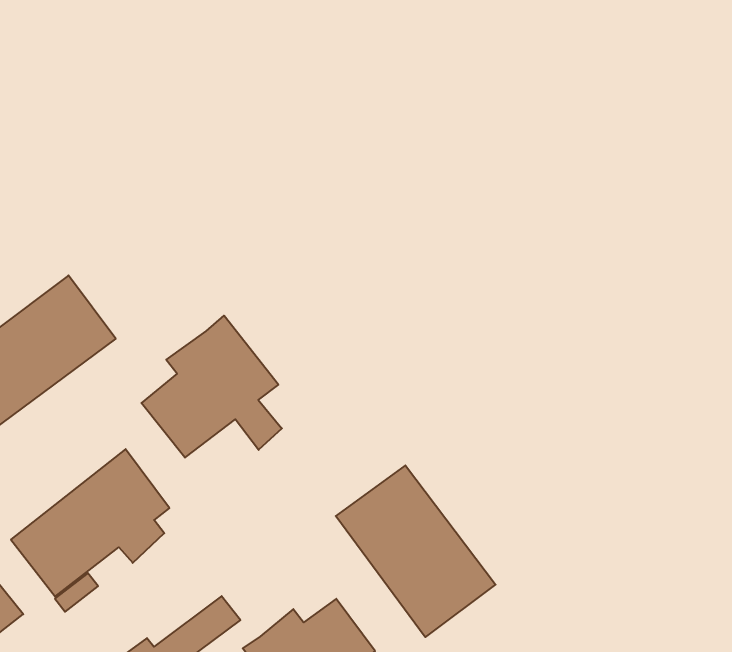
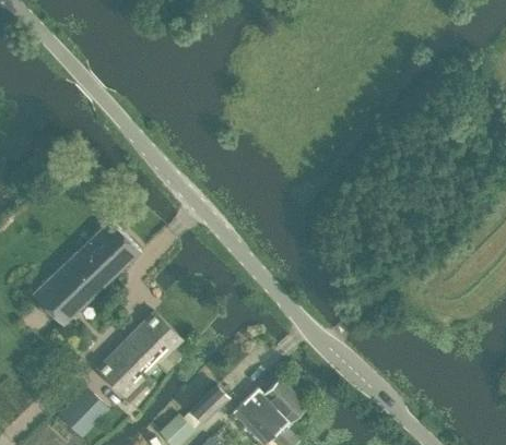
building: [141,316,282,458] -> none
building: [336,465,496,637] -> none

